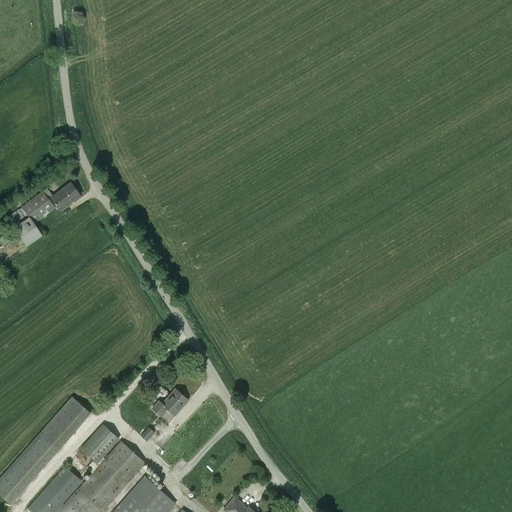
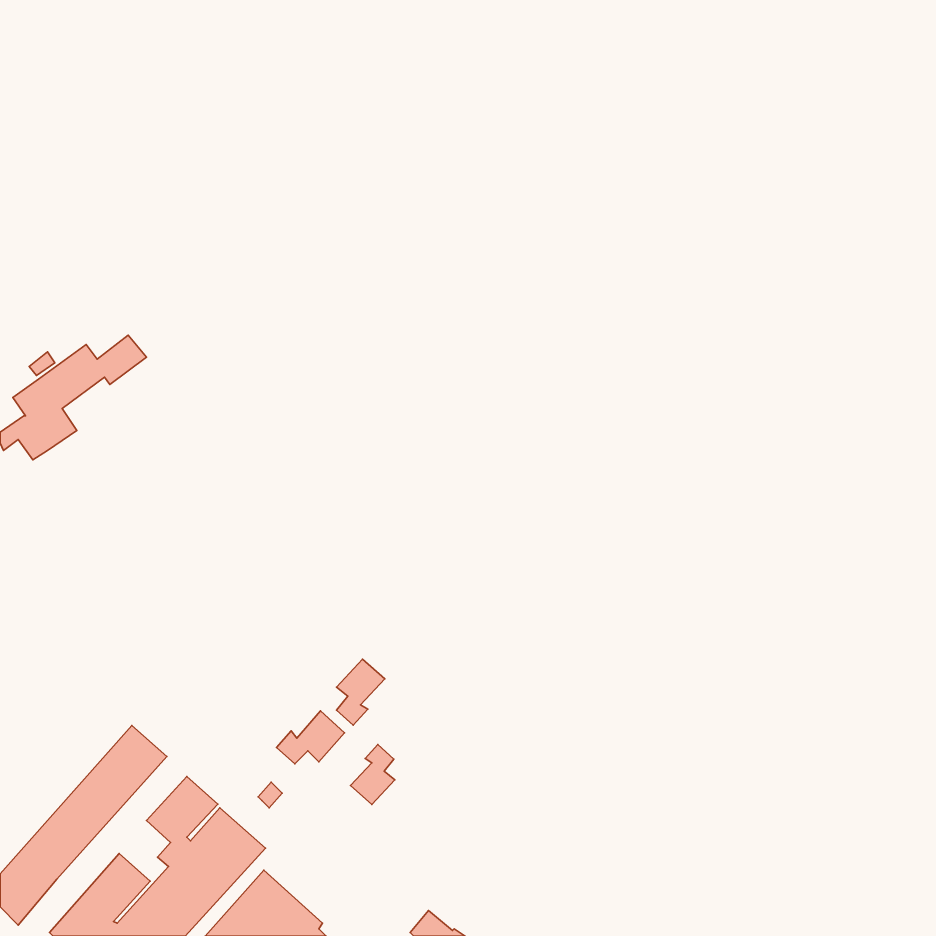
building: none -> [336,659,385,725]
building: none -> [350,745,395,804]

